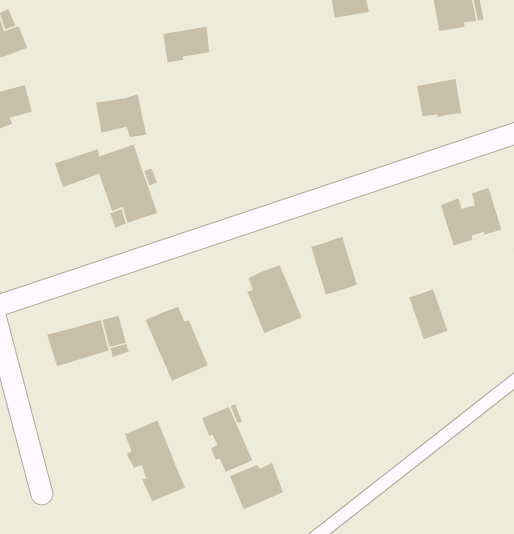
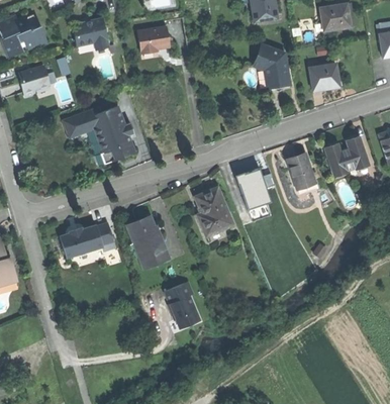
building: none -> [254,44,291,86]
building: [95,93,147,138] -> [74,18,109,48]
building: [408,288,448,340] -> [286,154,313,189]
building: [124,420,186,502] -> none
building: [229,462,284,510] -> none

